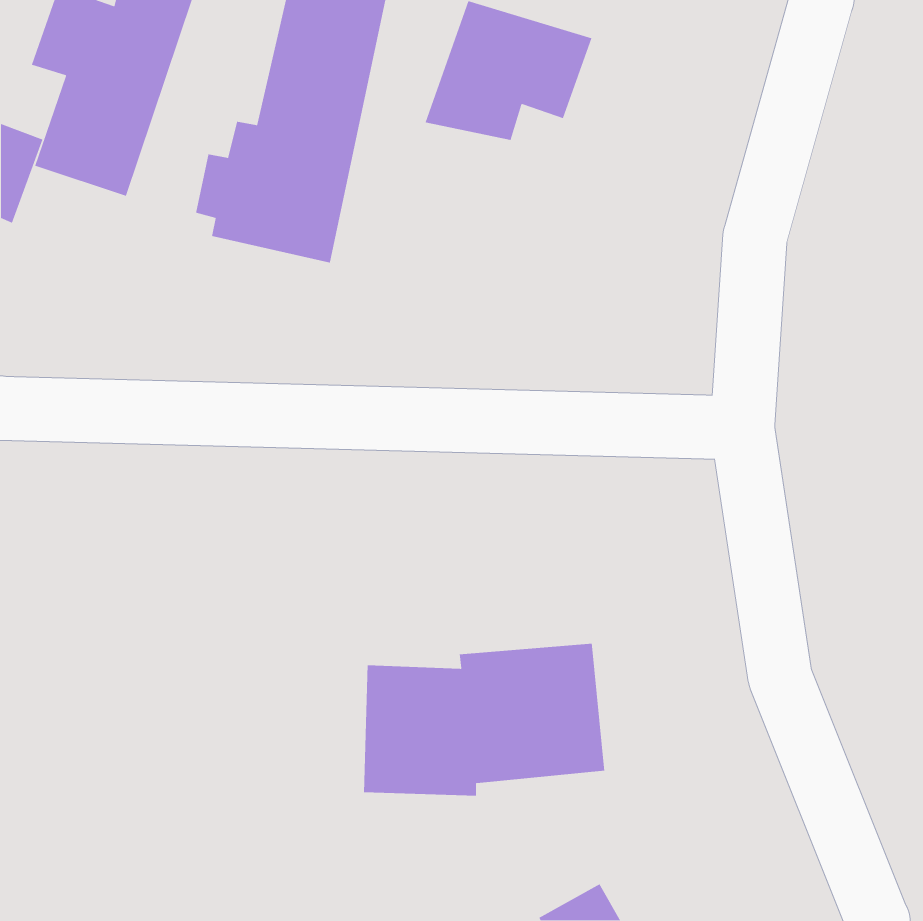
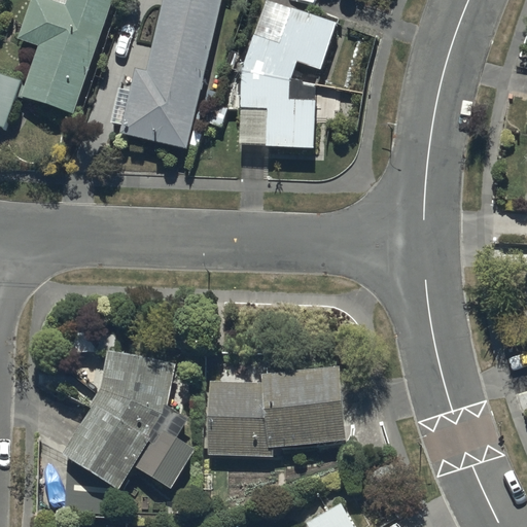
building: none -> [239,70,316,148]
building: none -> [65,350,197,512]

